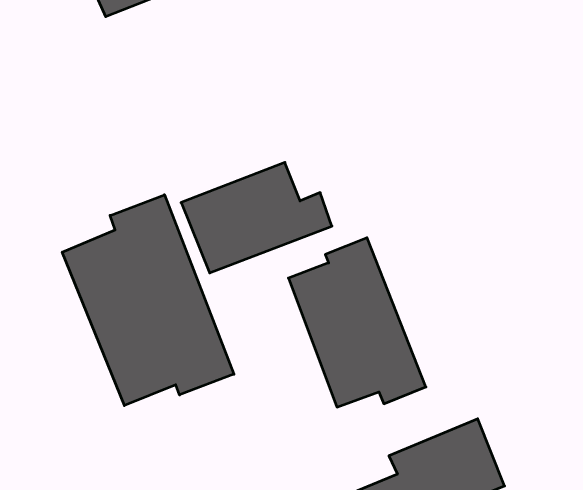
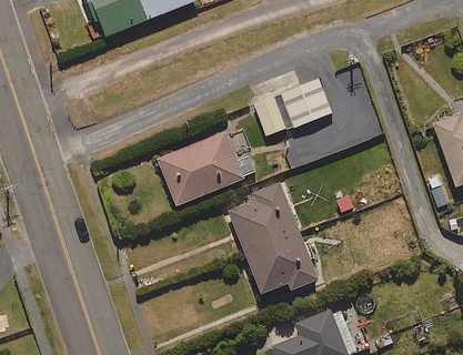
building: none -> [253,78,331,136]
building: [62,195,234,406] -> none

